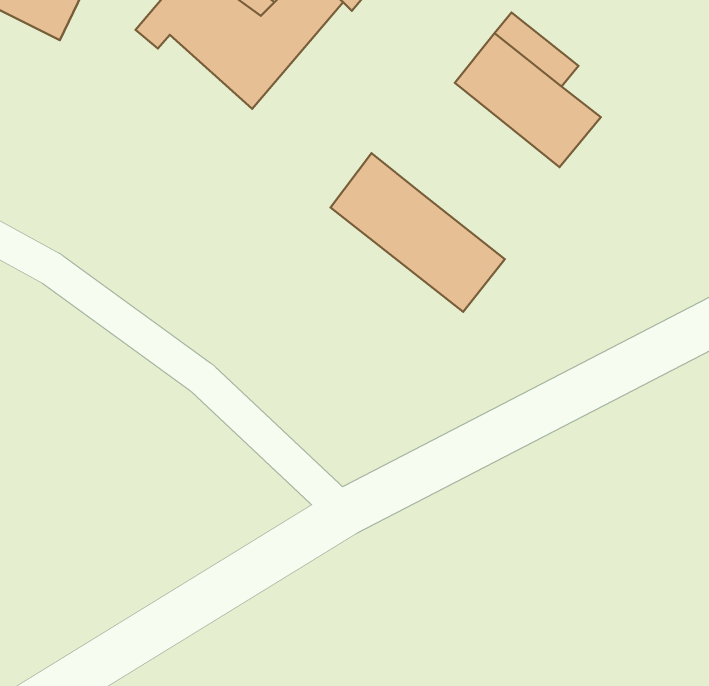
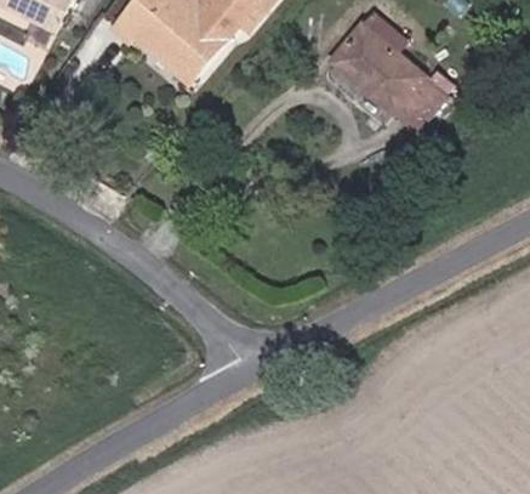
building: [330,153,505,312] -> none

